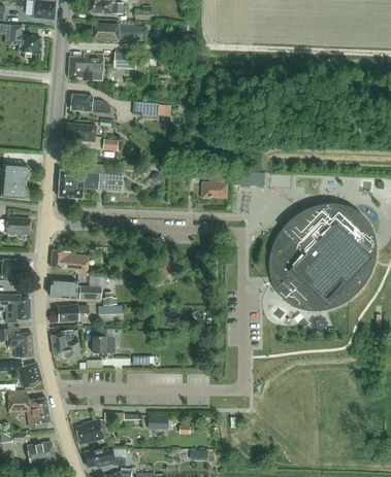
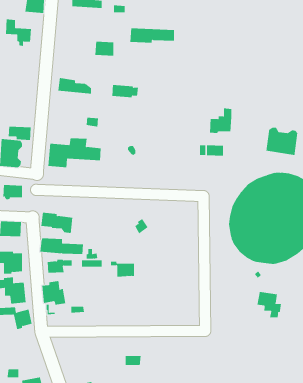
building: [92,24,144,41] -> [130,28,175,43]
building: [69,54,103,81] -> none
building: [67,125,95,141] -> [8,126,32,140]
building: none -> [266,127,298,156]
building: [200,169,227,199] -> [209,108,232,134]
building: [86,335,115,353] -> [110,261,135,277]
building: none -> [257,291,282,318]
building: [8,394,50,429] -> none
building: [75,419,104,444] -> none

